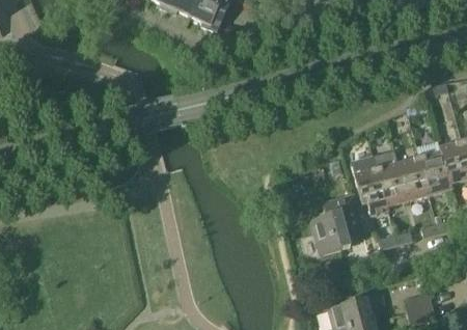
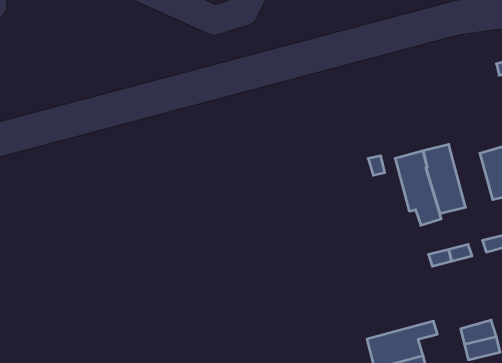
building: [396,156,429,199] -> none
building: [310,193,363,253] -> none

